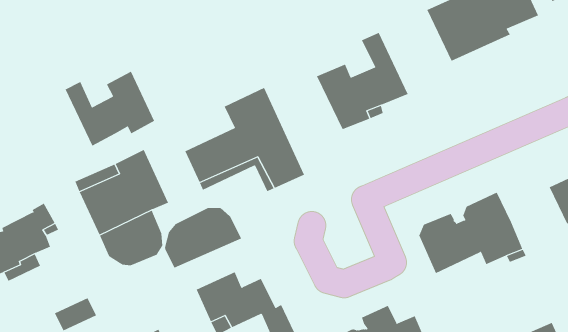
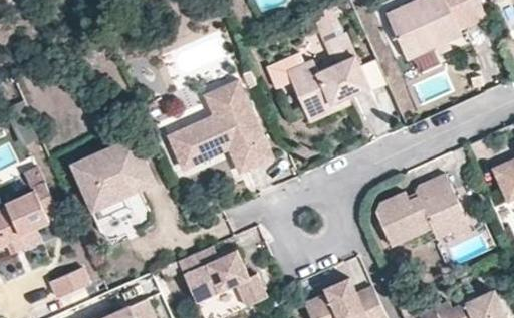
building: [65,71,155,146] -> none
building: [165,207,242,269] -> none

